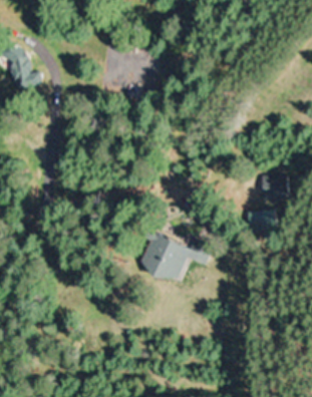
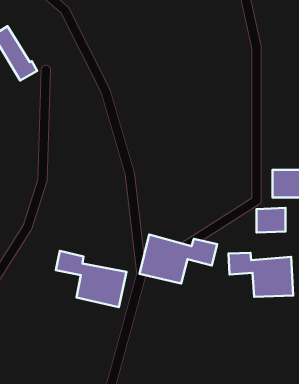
building: none -> [56,251,127,307]
building: none -> [228,253,293,297]

